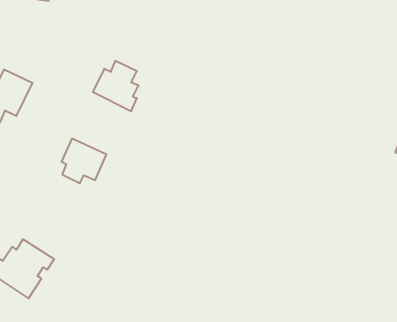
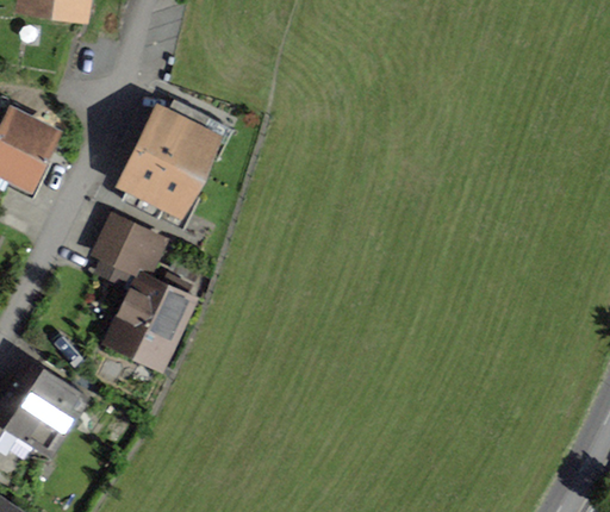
building: none -> [124,146,199,217]
building: none -> [108,277,186,362]

